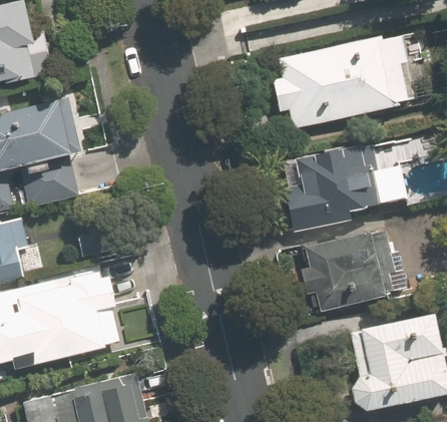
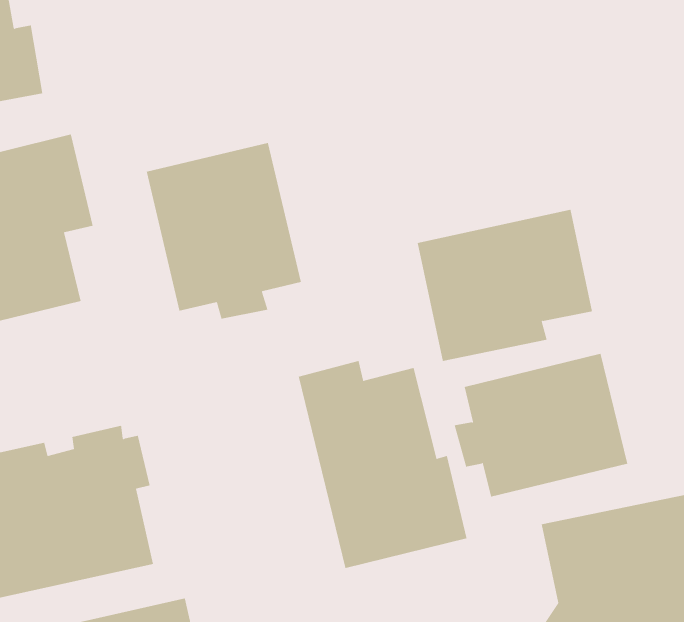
building: [273,33,416,132] -> none
building: none -> [146,142,301,320]
building: none -> [298,360,467,569]

